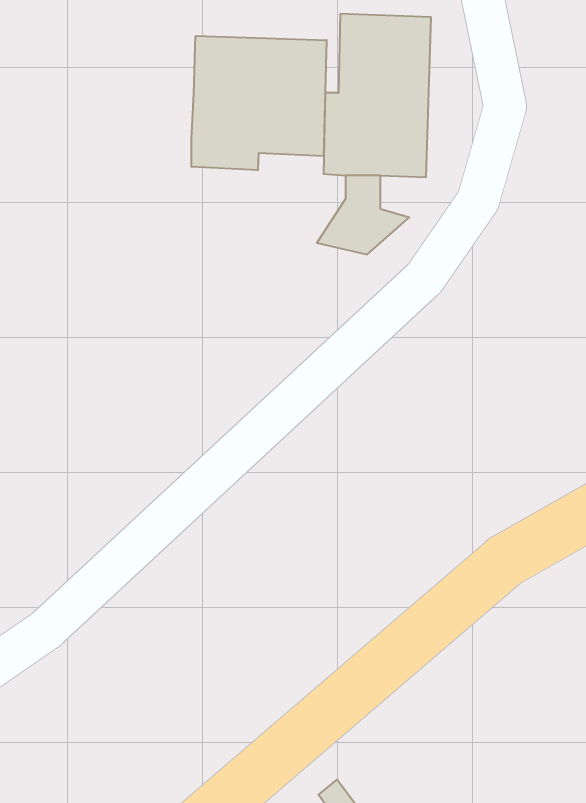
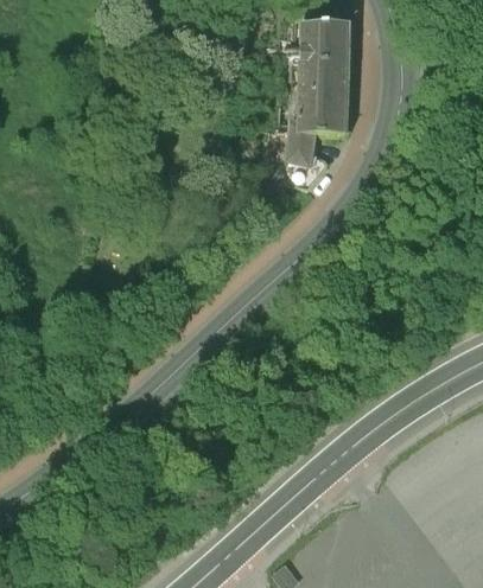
building: [192,36,327,170] -> none

